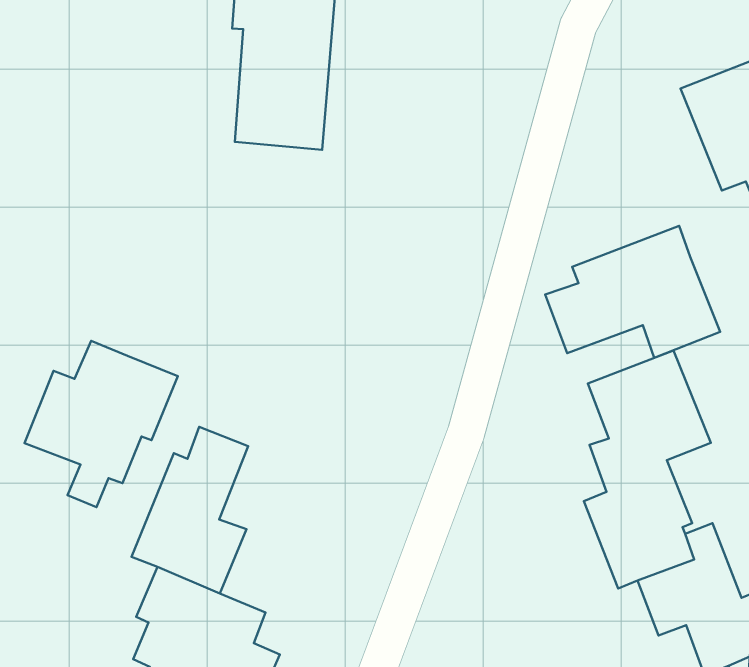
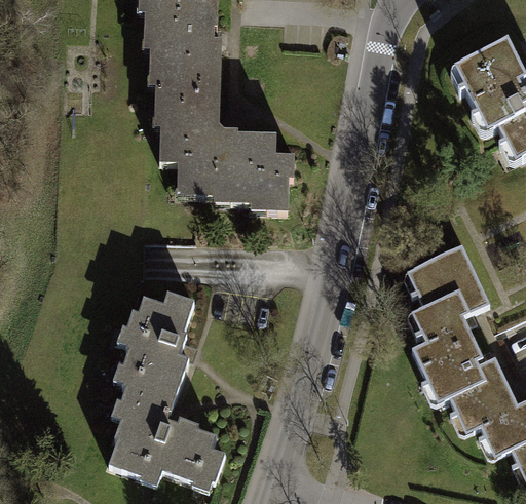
building: none -> [160,119,291,210]
building: [545,226,720,358] -> none
building: [24,341,178,507] -> none

